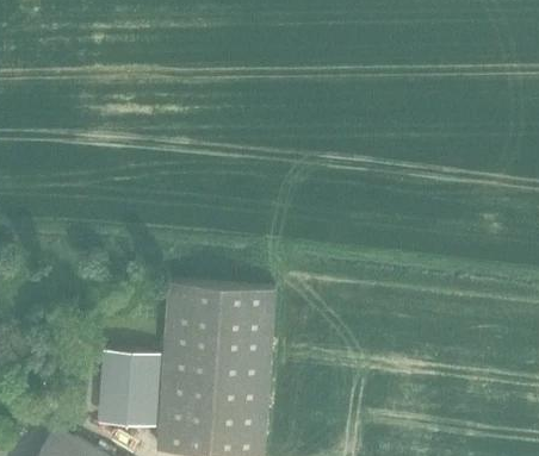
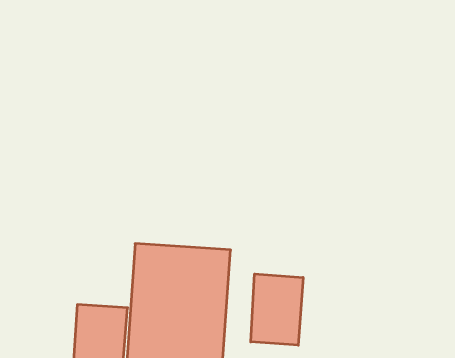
building: none -> [251,274,303,345]

